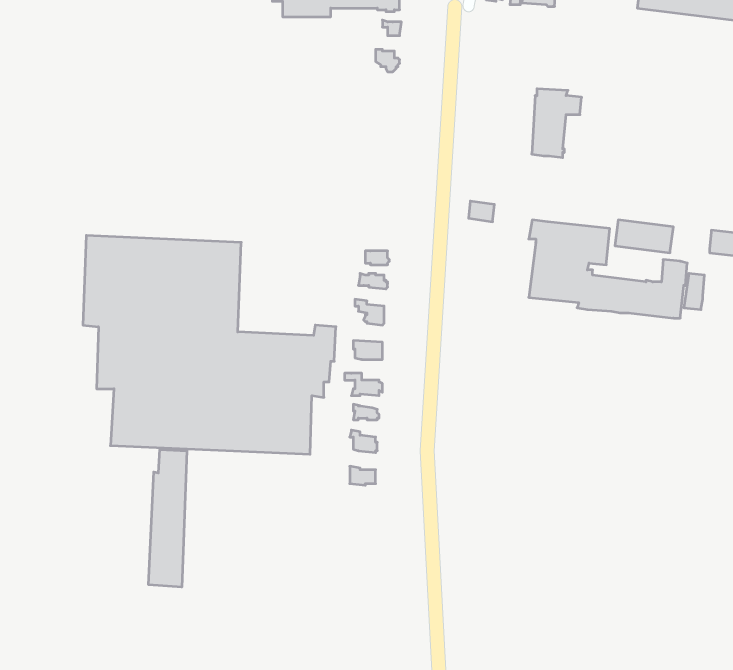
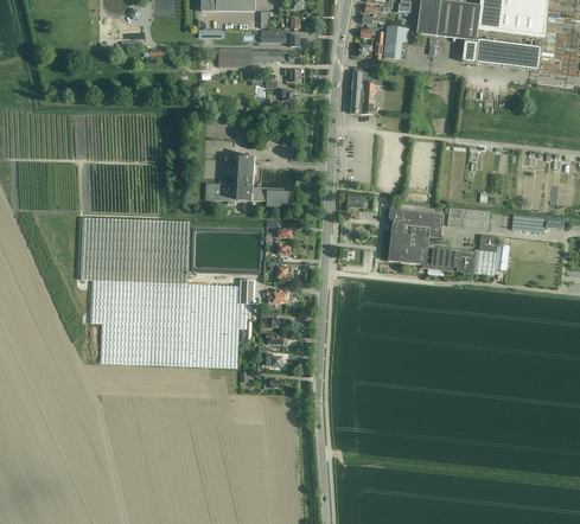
building: [532,89,582,158] -> [351,66,385,114]
building: none -> [205,155,288,206]
building: [149,450,187,587] -> none

